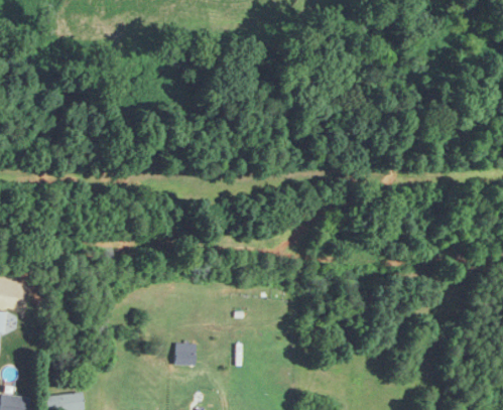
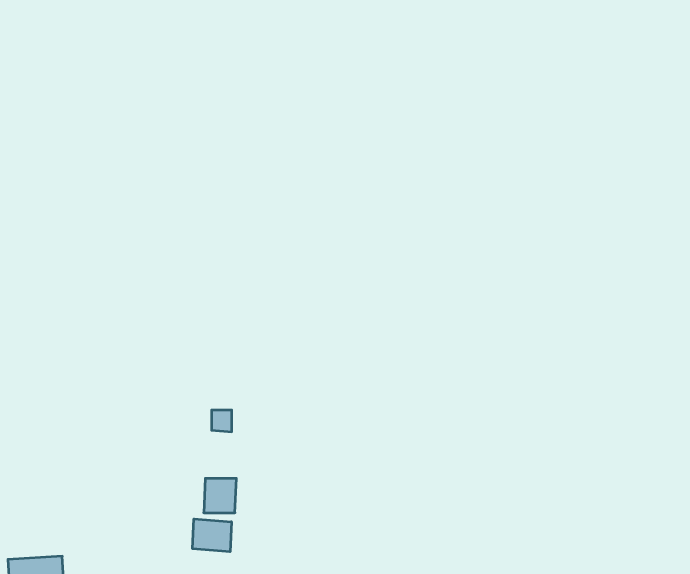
building: none -> [193,519,231,552]

